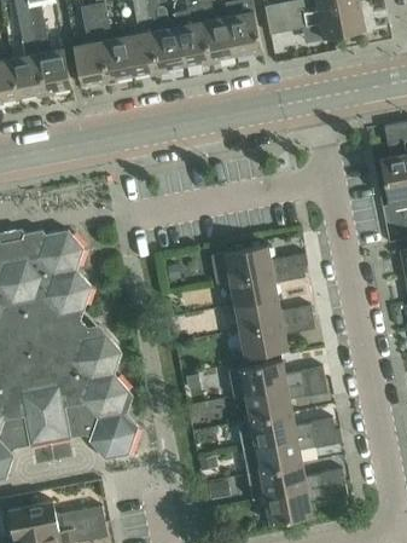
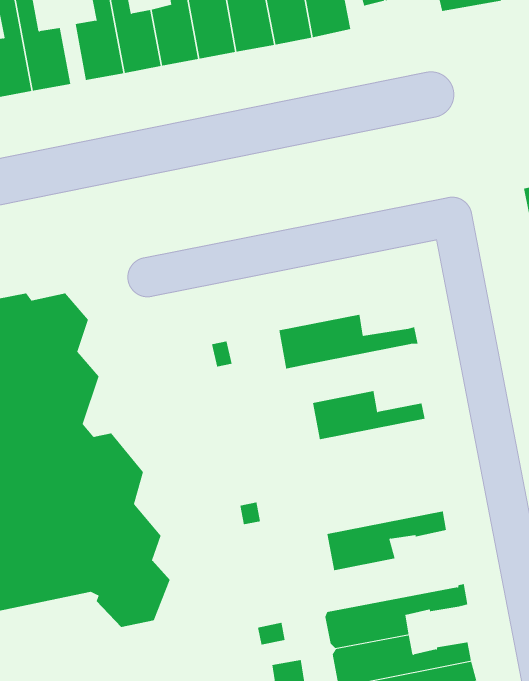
building: [229,265,306,305] -> none
building: [240,316,315,357] -> none
building: [228,359,325,397] -> none
building: [239,411,335,447] -> none

